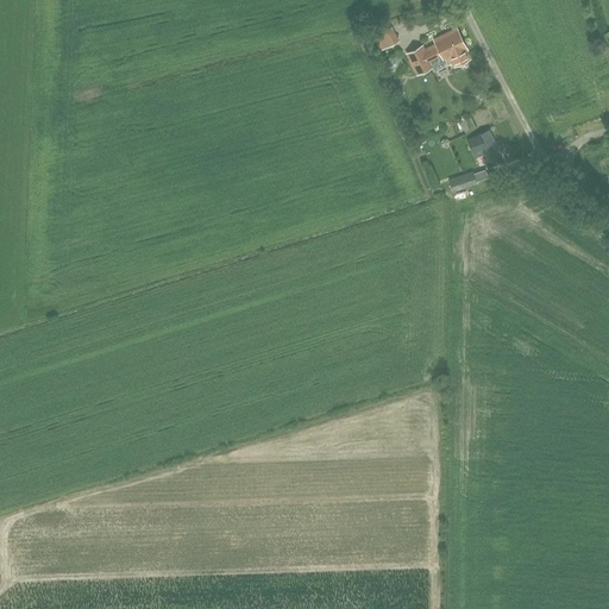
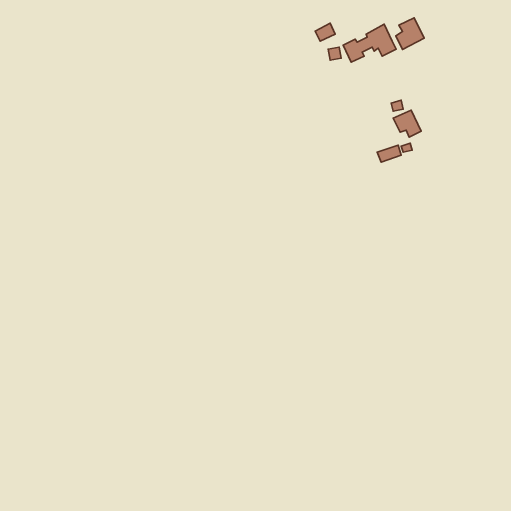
building: none -> [396,18,424,50]

